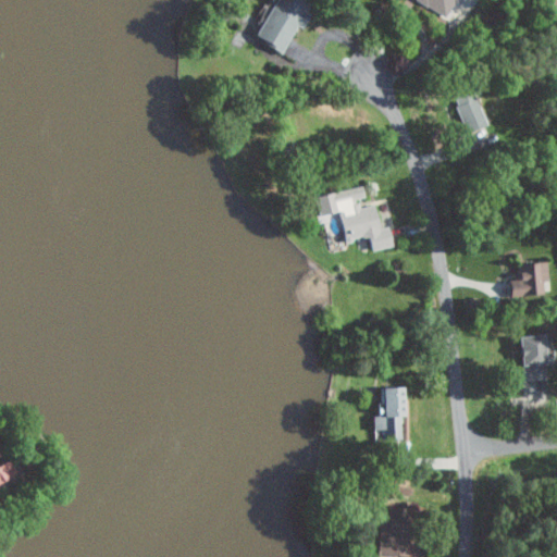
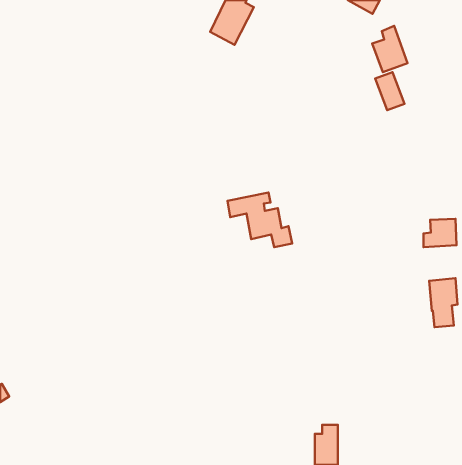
building: none -> [372,26,407,72]
building: [317,186,394,251] -> [227,193,292,247]
building: [382,386,408,441] -> none

